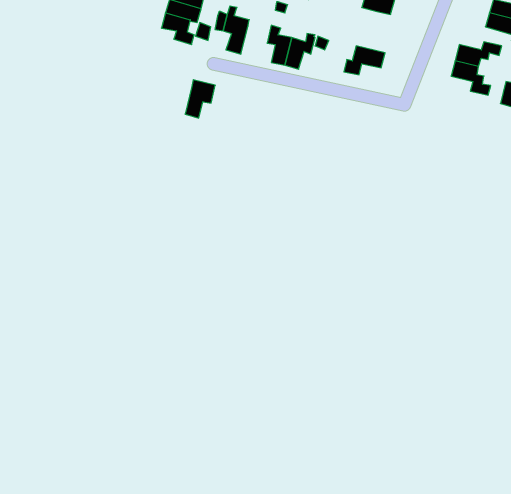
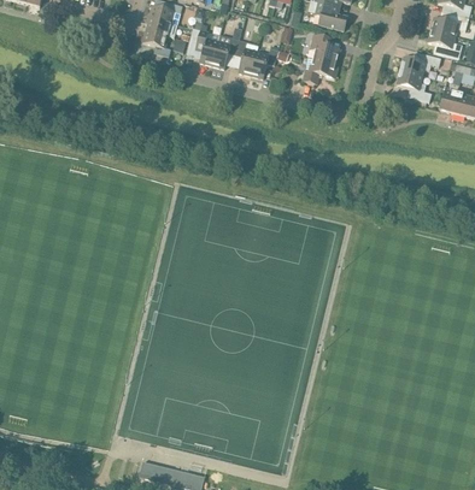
building: none -> [310,33,341,64]
building: [185,80,215,118] -> [212,35,239,69]

